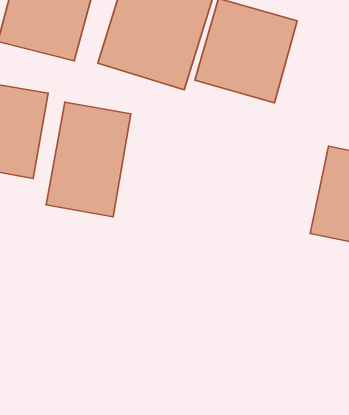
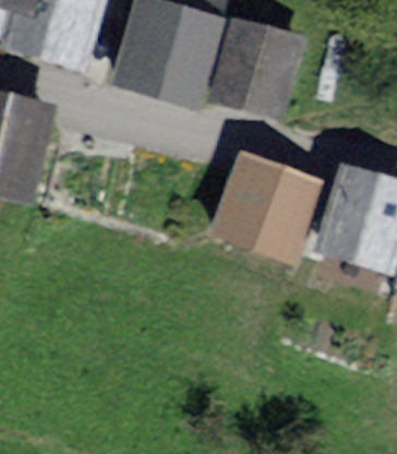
building: [46,102,131,217] -> none
building: none -> [207,147,324,262]

